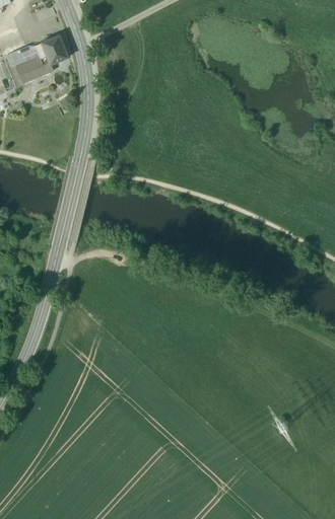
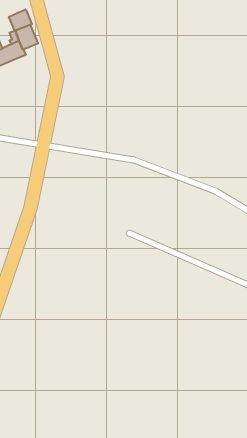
building: none -> [9,9,32,31]

